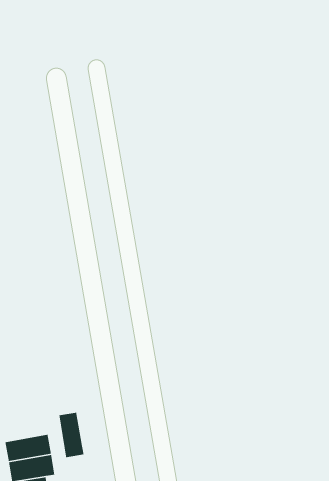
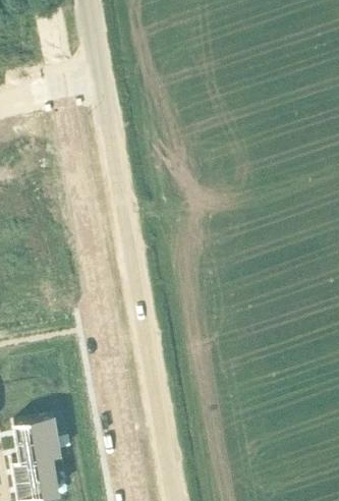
building: [59,412,85,458] -> none

